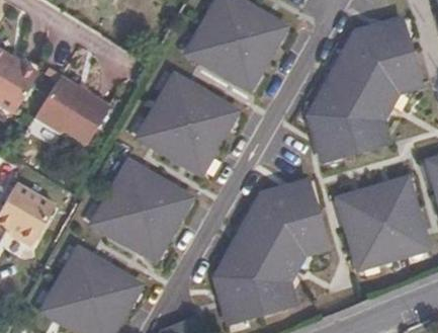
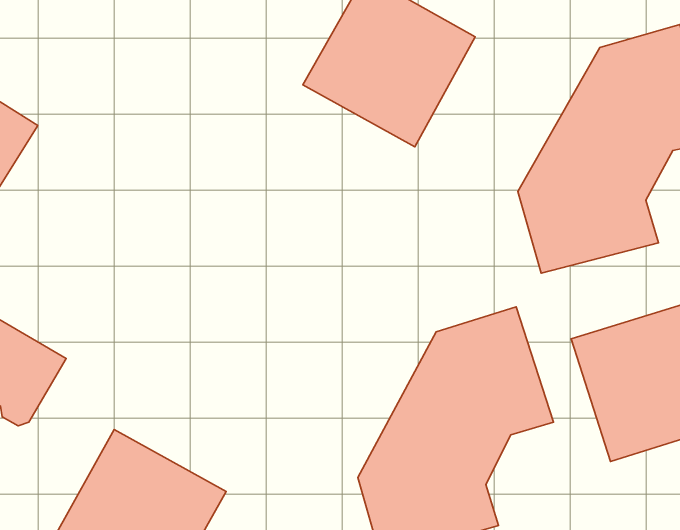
building: [140,74,238,172] -> none
building: [32,79,108,148] -> none
building: [94,161,193,260] -> none

